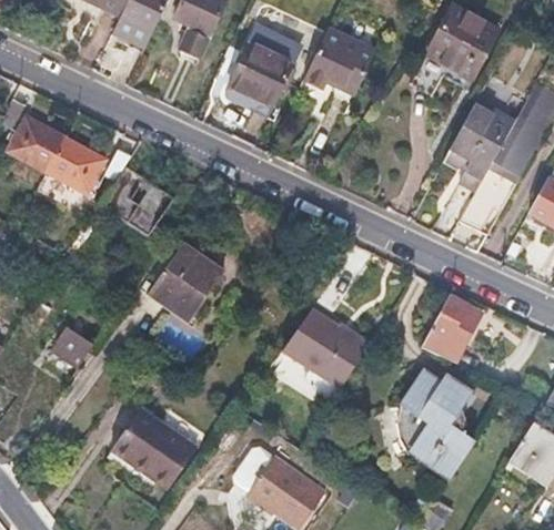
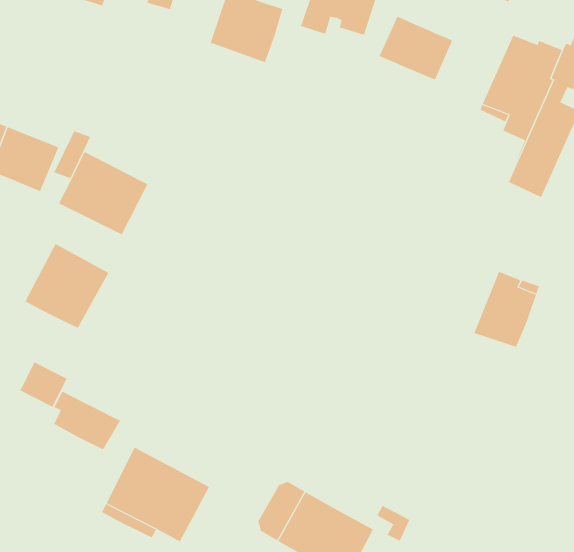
building: none -> [379,16,453,81]
building: [148,238,219,309] -> [24,243,109,329]
building: [278,305,365,388] -> none
building: none -> [53,391,121,450]
building: [404,366,474,471] -> none

